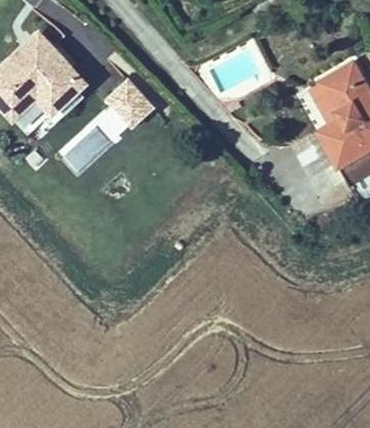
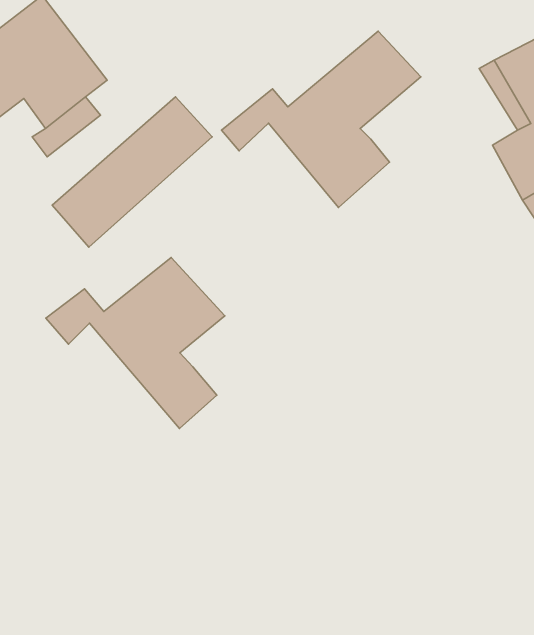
building: none -> [221,31,421,208]
building: none -> [46,257,225,428]

